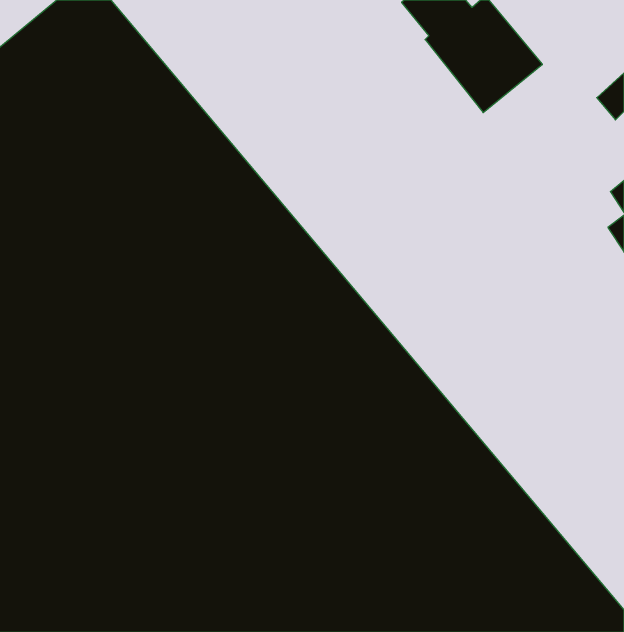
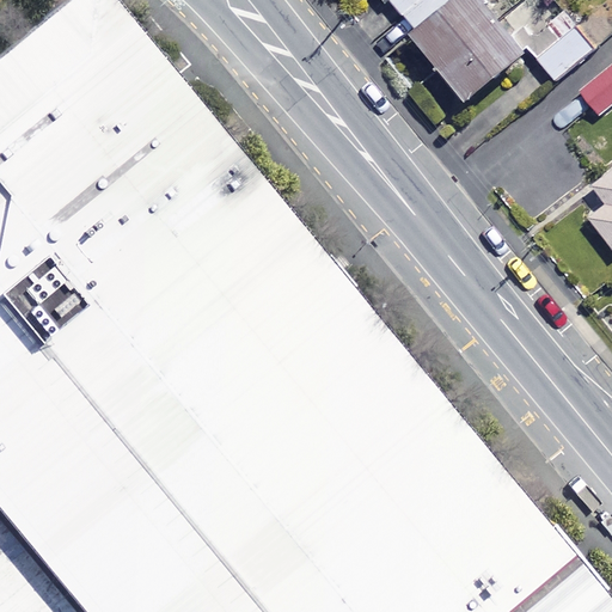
building: none -> [533,14,592,82]

